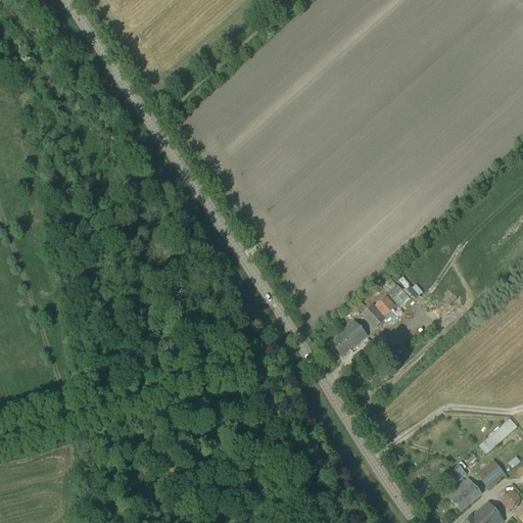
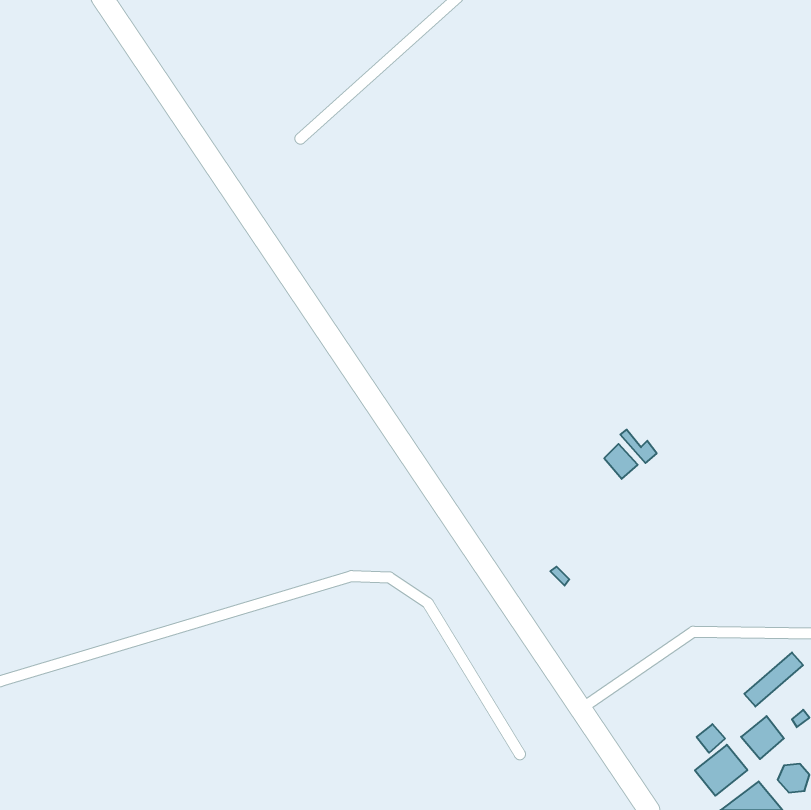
building: [362,293,395,328] -> none
building: [331,322,367,356] -> none

